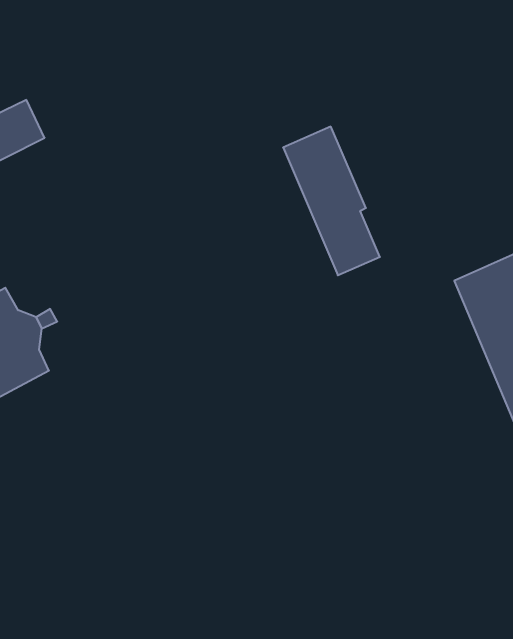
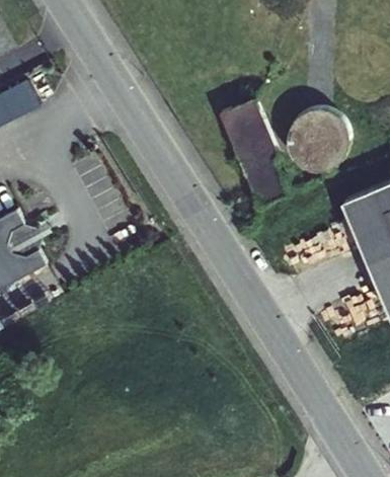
building: none -> [284,106,350,171]

